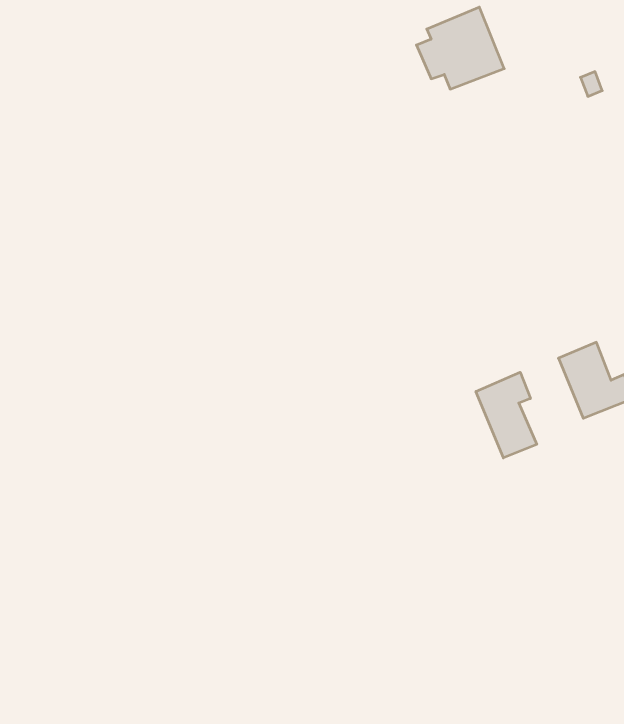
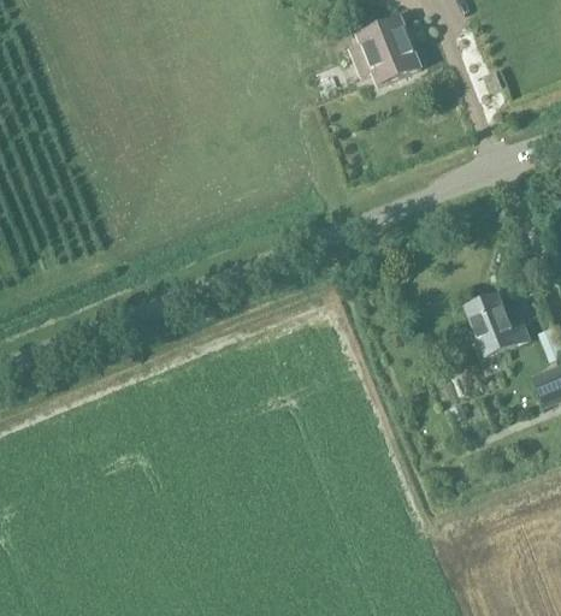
building: [476,372,537,458] -> none

